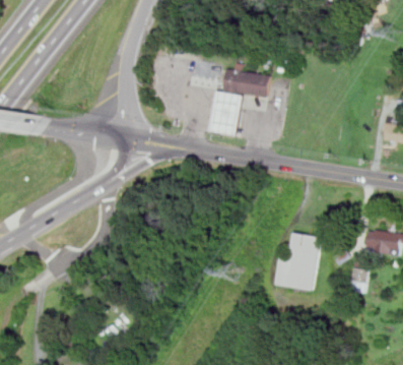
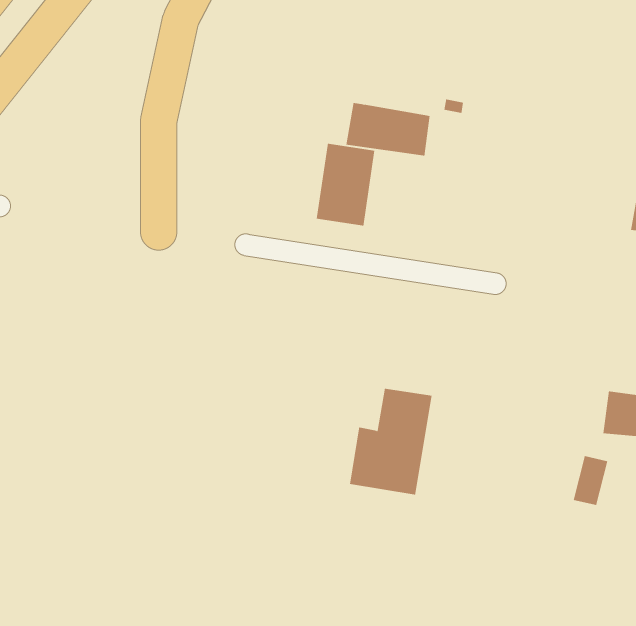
building: [275,232,321,291] -> [349,388,432,495]

